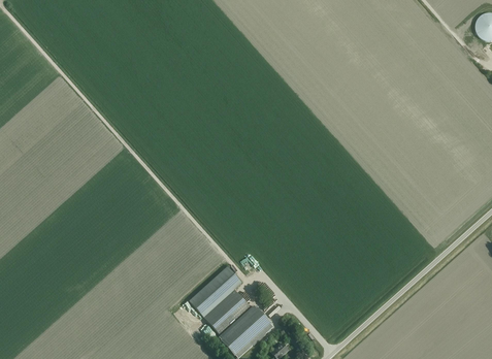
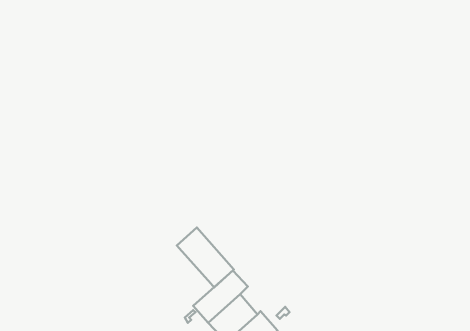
building: none -> [177,227,234,287]

